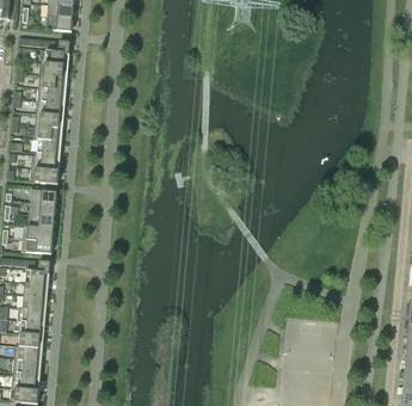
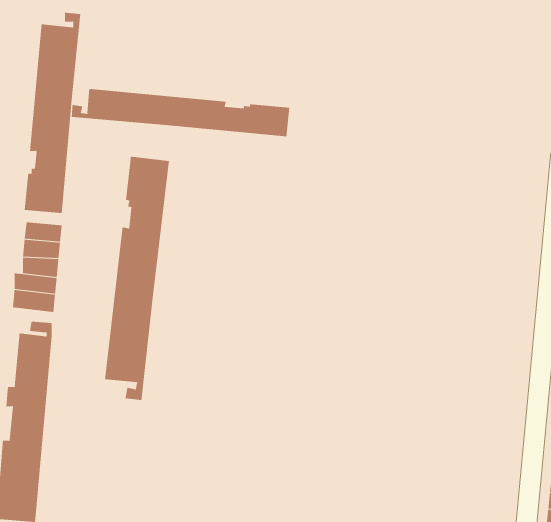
building: none -> [71,88,290,137]
building: none -> [104,156,169,401]

